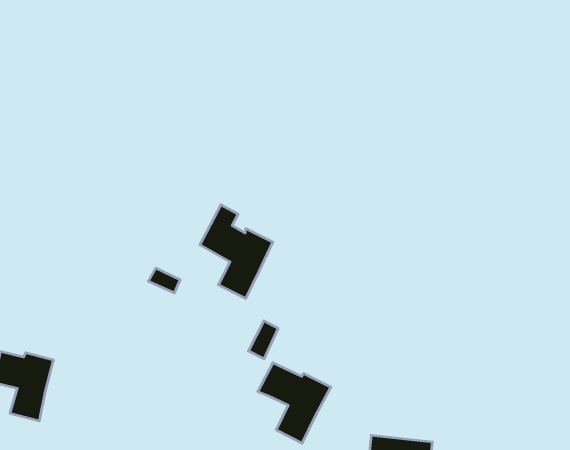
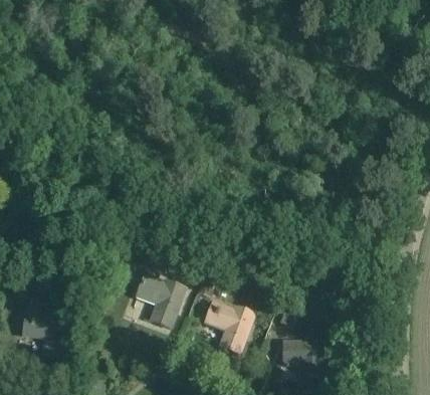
building: [200,205,273,298] -> [135,267,183,328]

